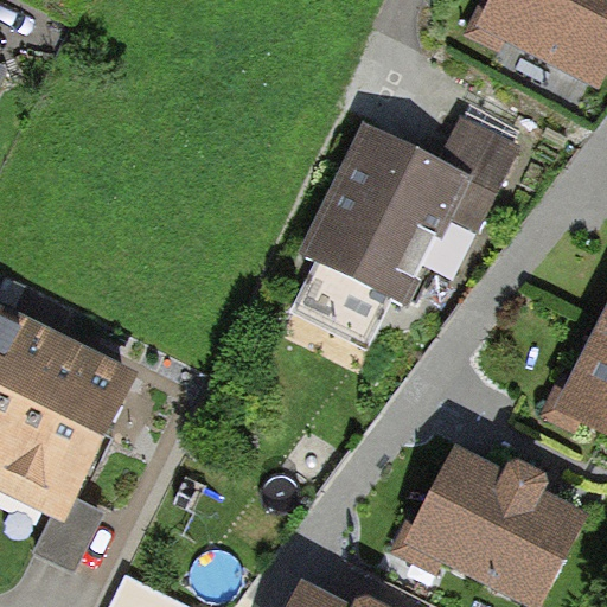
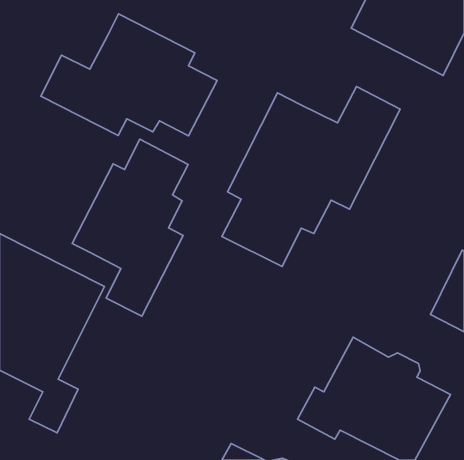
building: none -> [41,14,217,136]
building: none -> [72,139,188,316]

